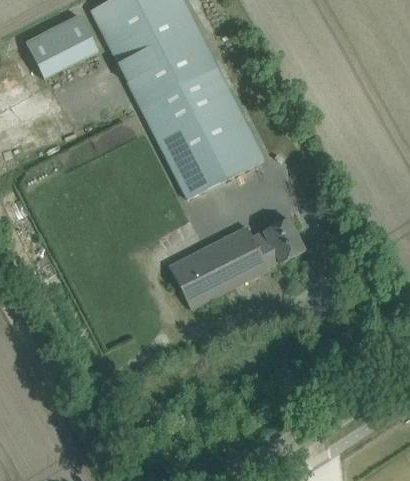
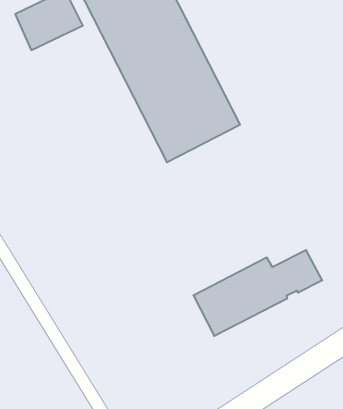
building: [169,218,306,309] -> [193,250,322,336]

